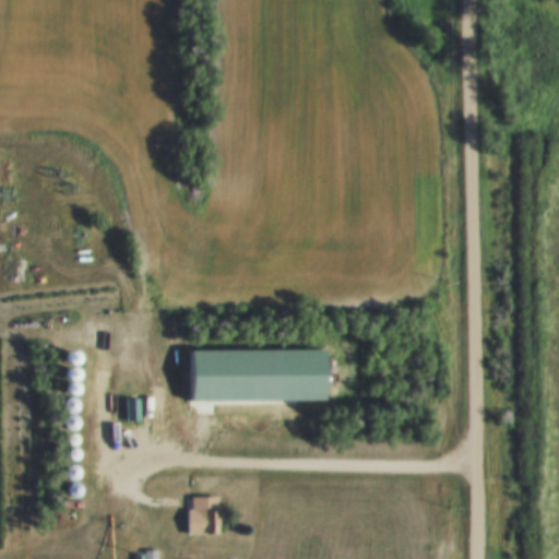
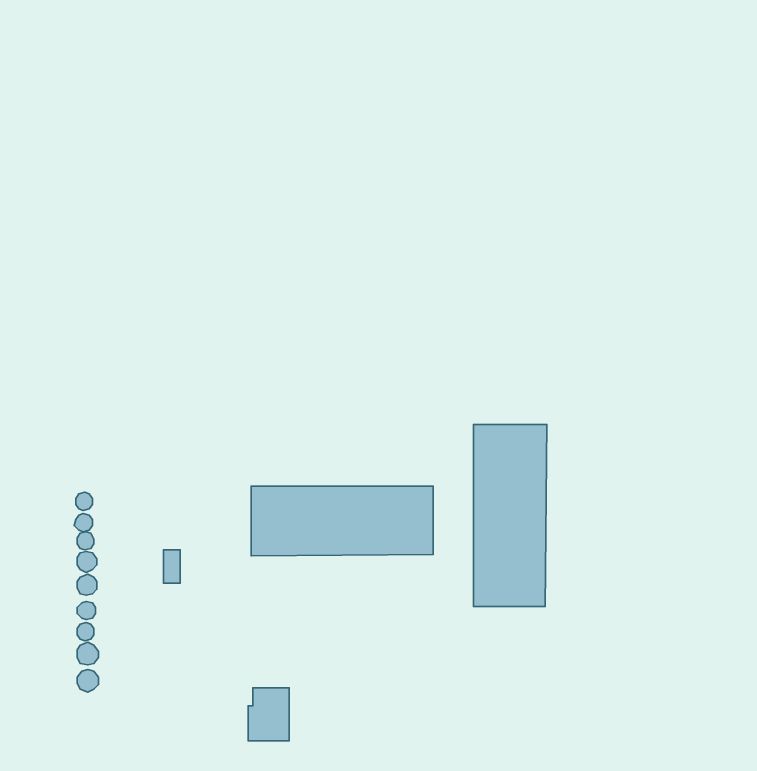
building: none -> [473,425,547,606]

